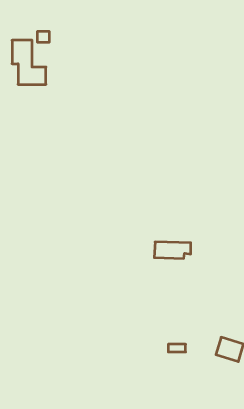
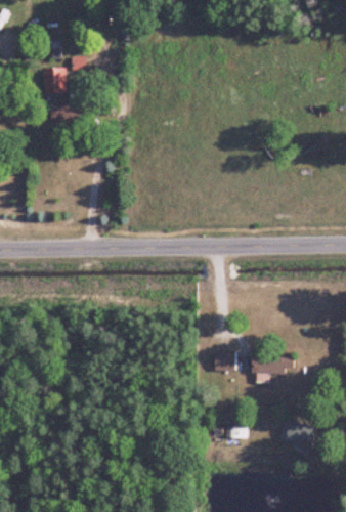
building: [154,242,191,258] -> [252,356,295,376]

